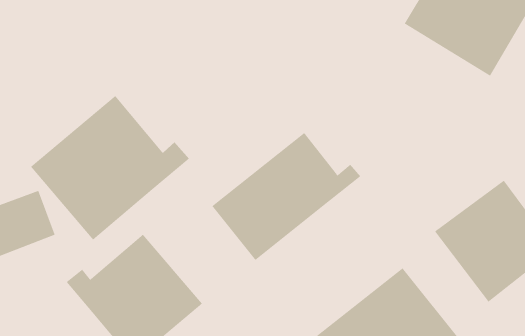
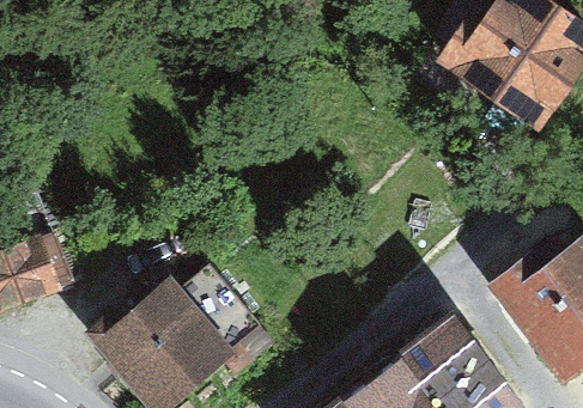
building: [30,95,190,241] -> none
building: [211,132,361,261] -> none

